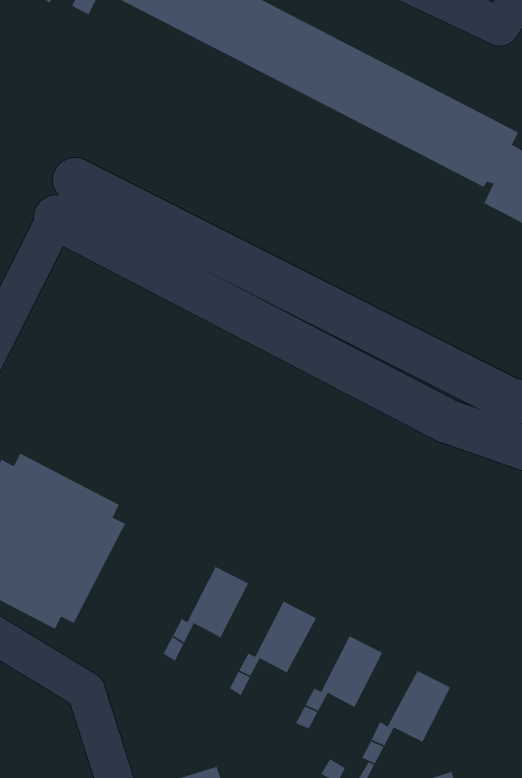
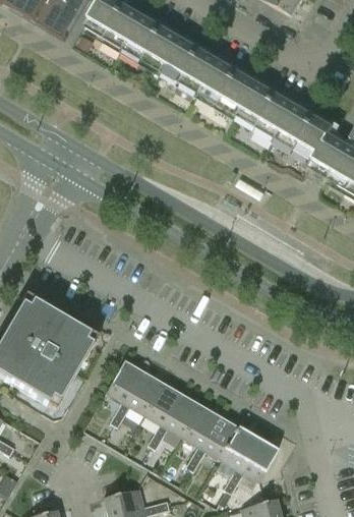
building: none -> [106,360,143,403]
building: none -> [144,383,182,425]
building: none -> [182,405,220,448]
building: none -> [221,427,258,470]

